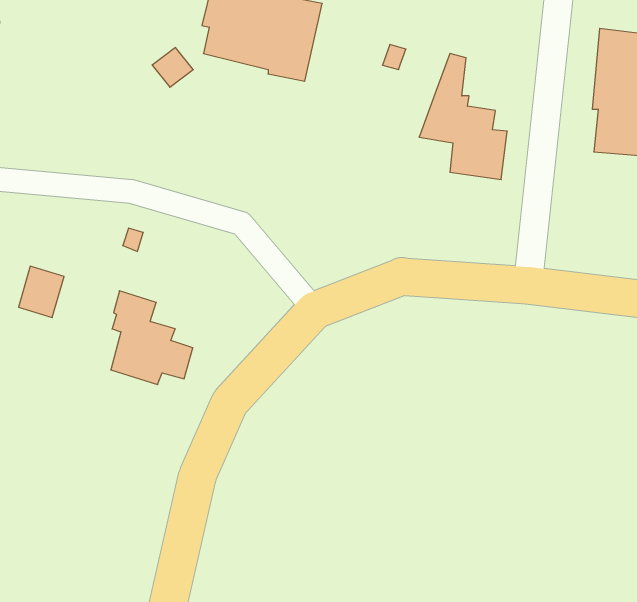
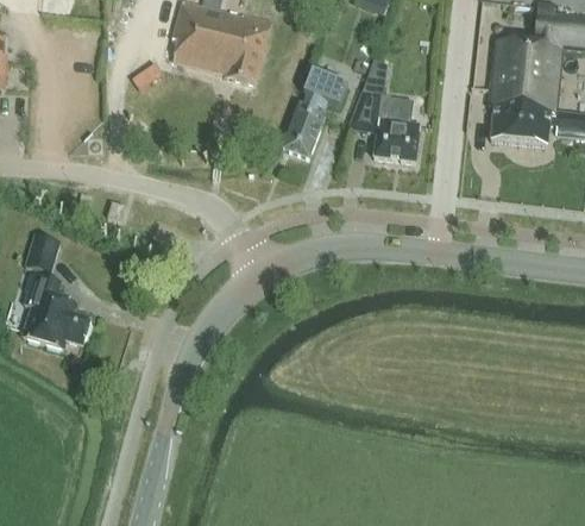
building: none -> [283,70,347,157]
building: [111,291,193,385] -> [24,271,90,347]

